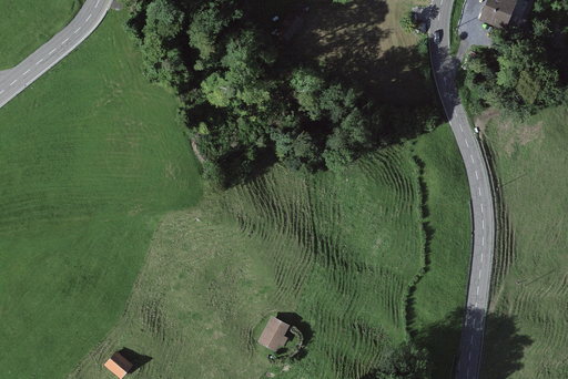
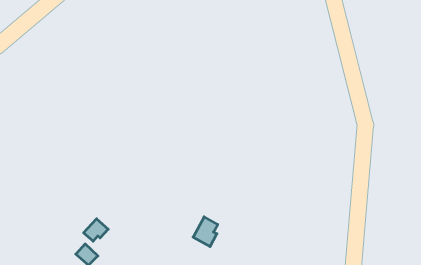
building: none -> [84,219,108,241]

